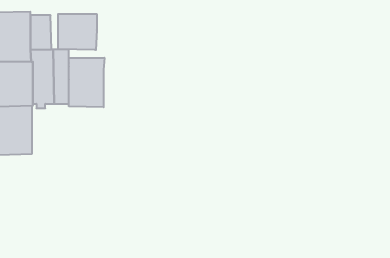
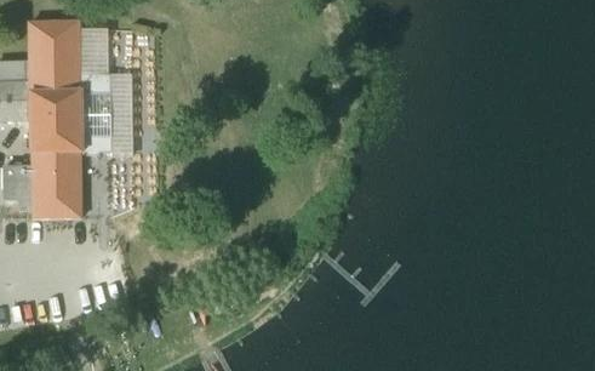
building: [58,14,97,50] -> none
building: [69,58,104,107] -> none

